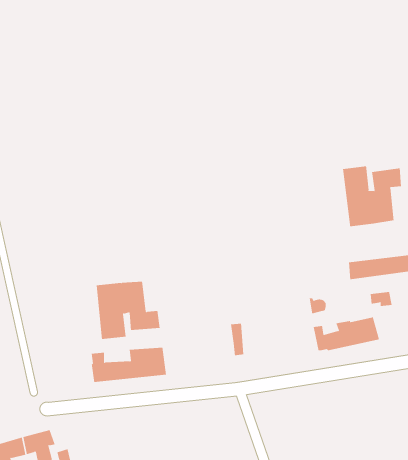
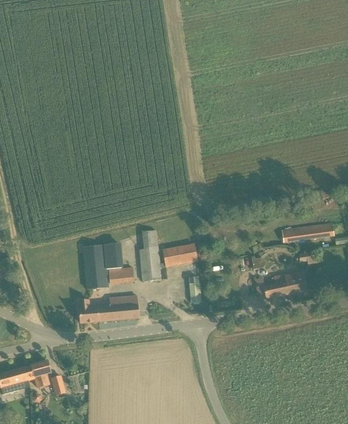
building: [342,166,402,227] -> none
building: none -> [139,230,201,282]

